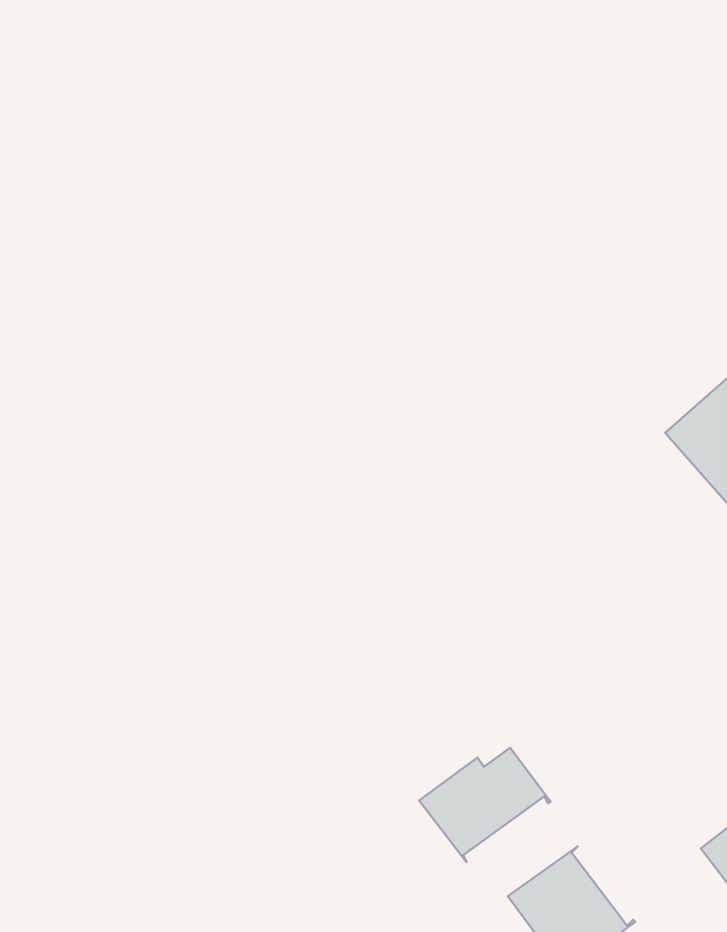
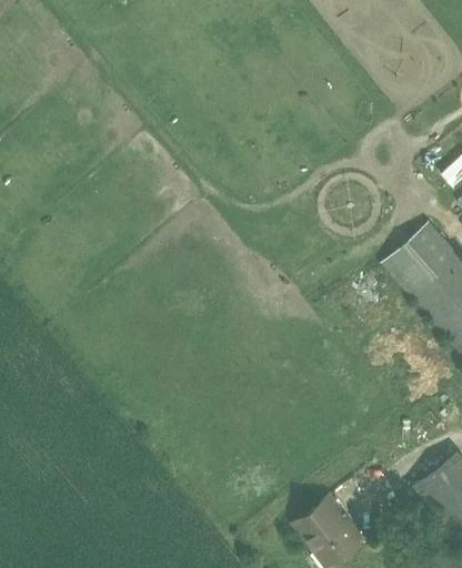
building: [419,748,550,862] -> none

